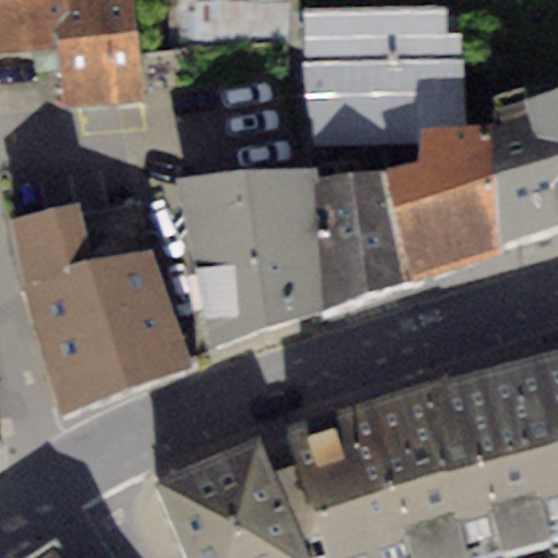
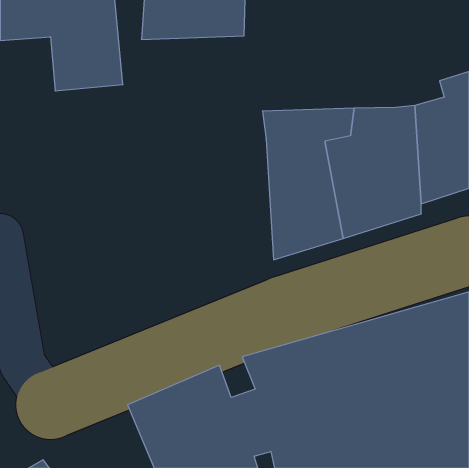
building: [306,8,470,132] -> none
building: [175,166,325,345] -> none
building: [7,204,195,415] -> none

